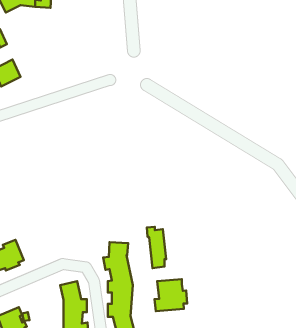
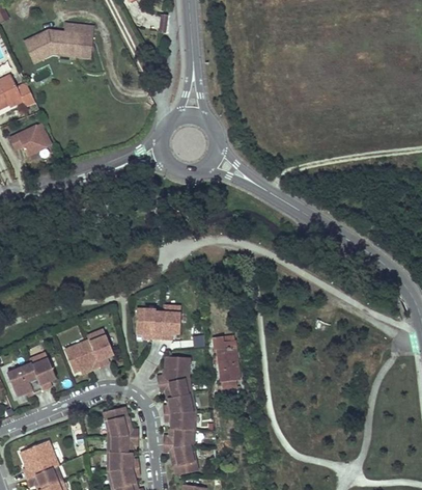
building: none -> [133,305,178,337]
building: none -> [63,329,112,373]
building: [154,279,187,311] -> none

